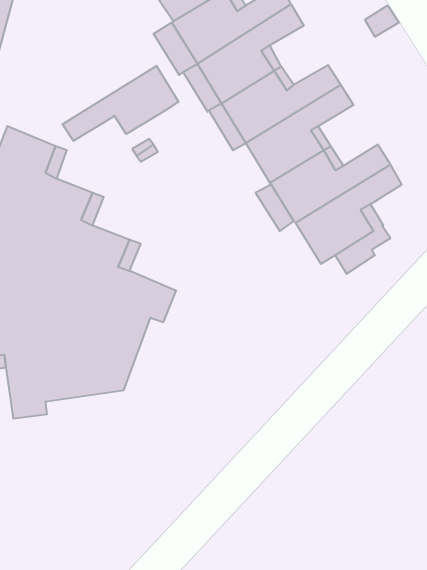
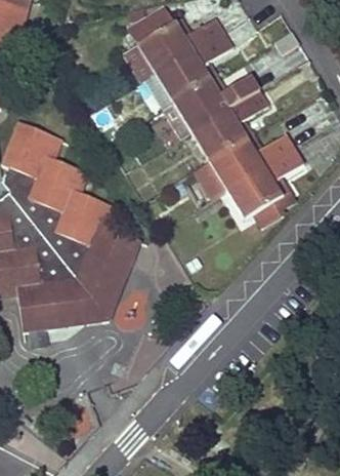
building: [62,66,179,141] -> none
building: none -> [46,259,131,328]

